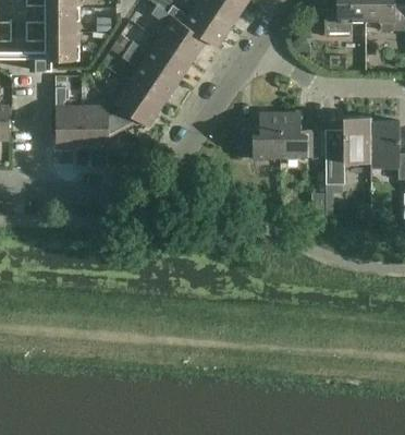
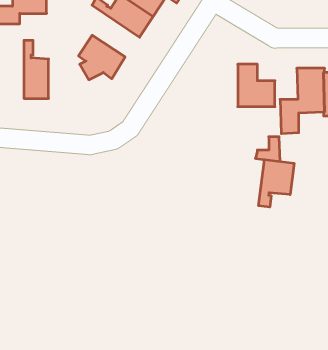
building: [122,49,177,104] -> none
building: [82,105,124,147] -> none
building: [241,111,281,156] -> none
building: none -> [259,160,294,207]

